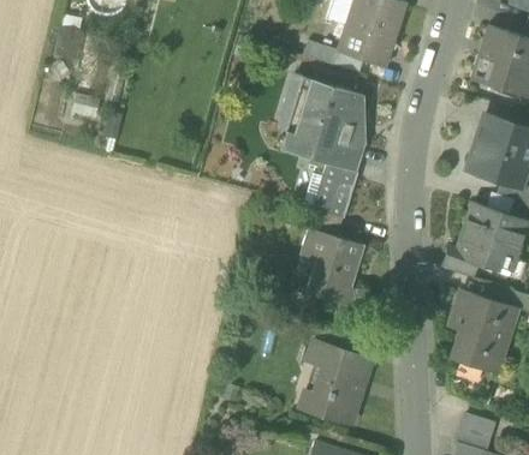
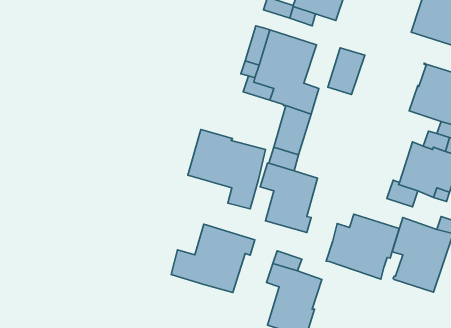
building: none -> [328,48,365,95]
building: none -> [188,129,266,209]
building: none -> [326,214,399,279]
building: none -> [171,224,255,292]

